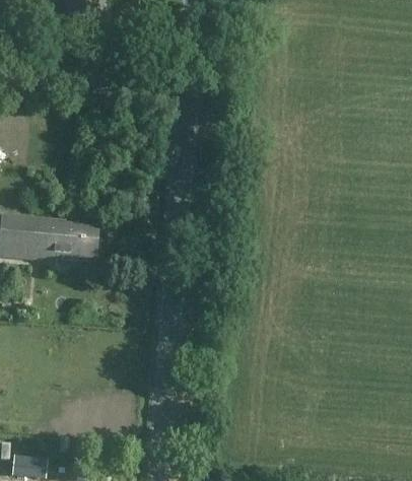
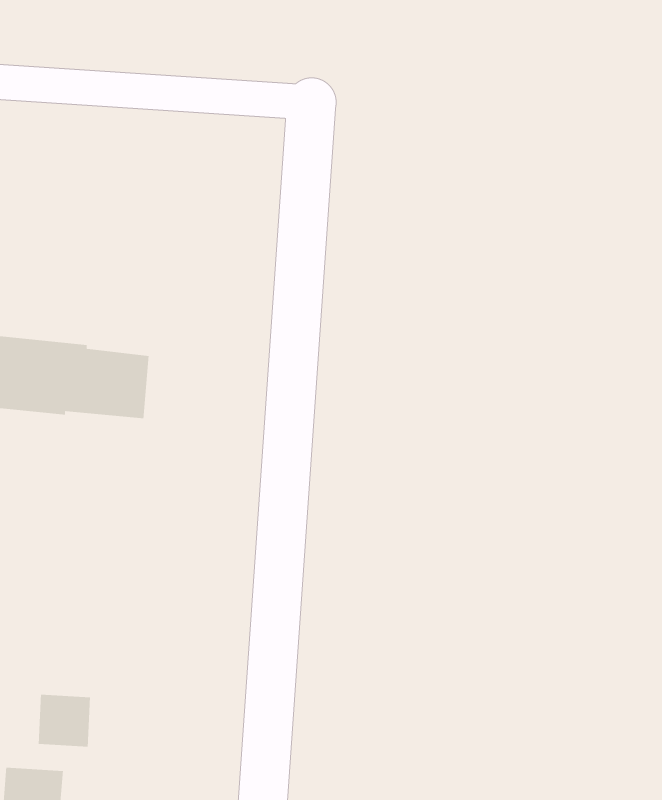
building: none -> [38,694,91,748]

